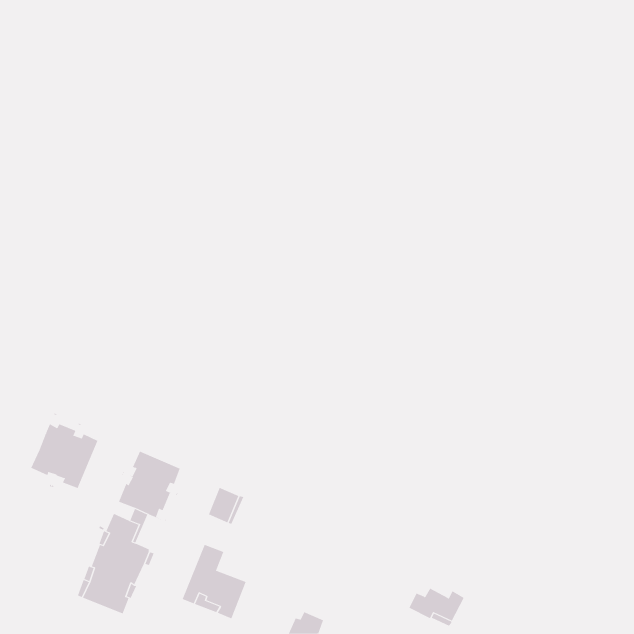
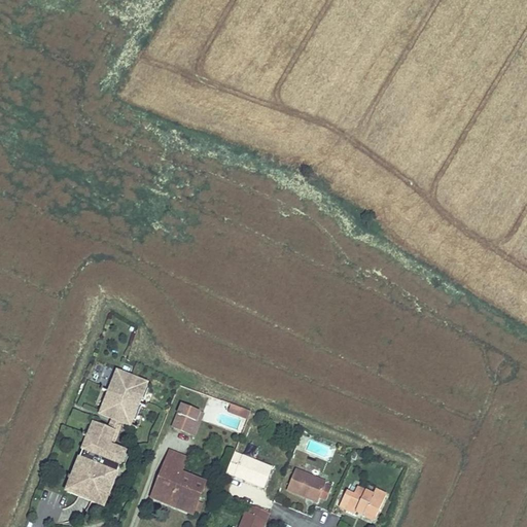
building: [31,413,98,489] -> none
building: none -> [225,450,271,484]
building: none -> [285,468,323,498]

